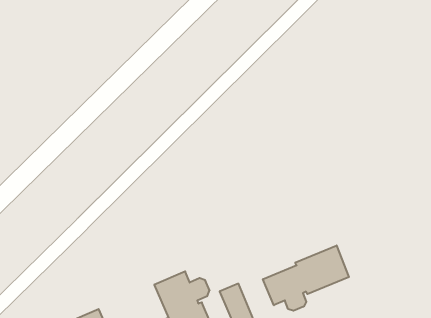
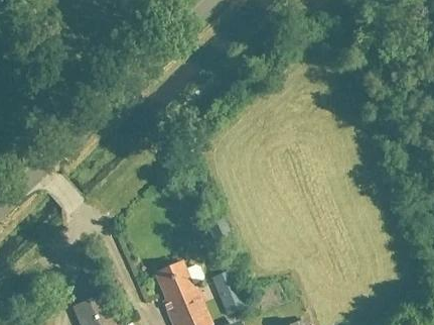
building: [263,245,349,311] -> none

